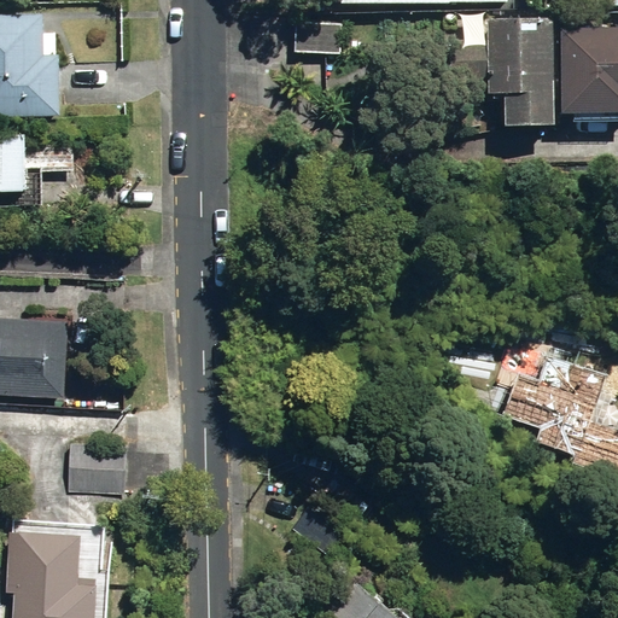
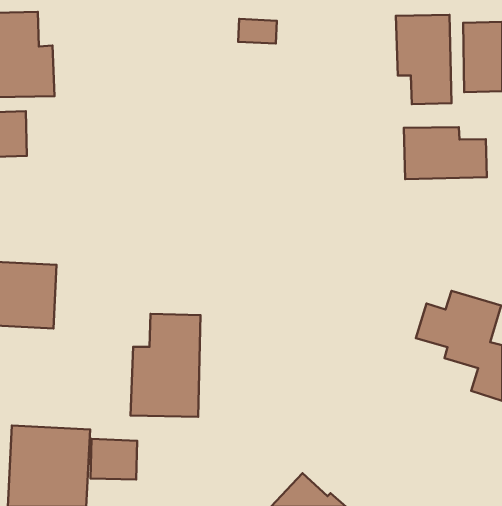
building: none -> [404,127,487,179]
building: none -> [131,314,201,417]
building: [62,445,118,495] -> [91,439,137,479]

